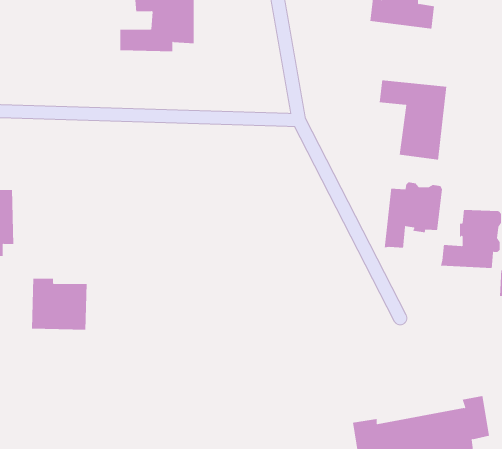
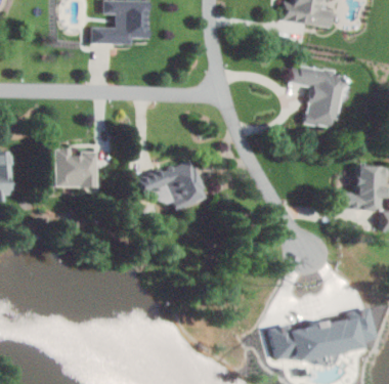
building: [384,181,443,248] -> none
building: none -> [139,159,209,209]
building: [31,278,87,330] -> [53,147,96,187]

